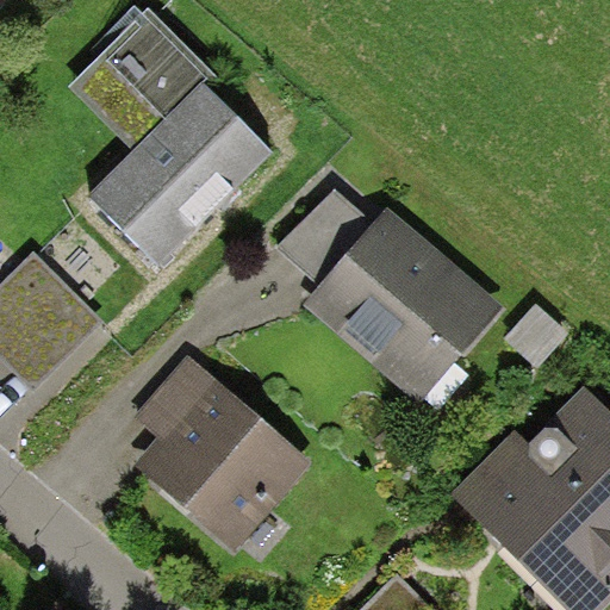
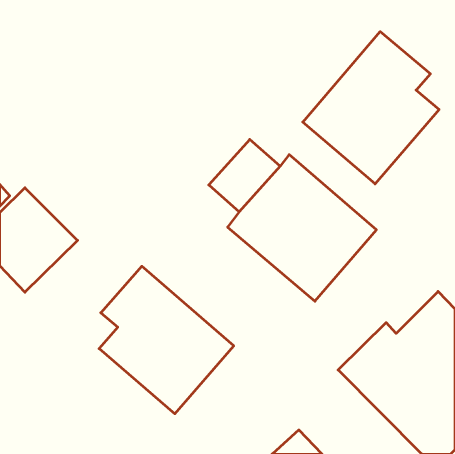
building: [69,6,273,266] -> none
building: none -> [303,32,439,184]

